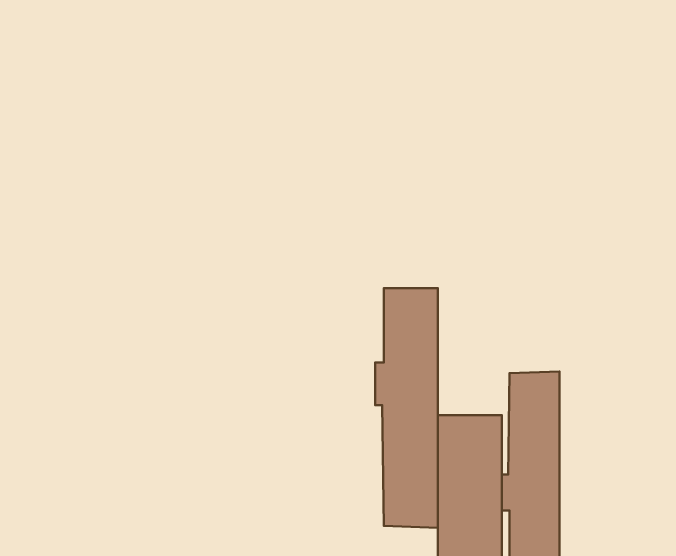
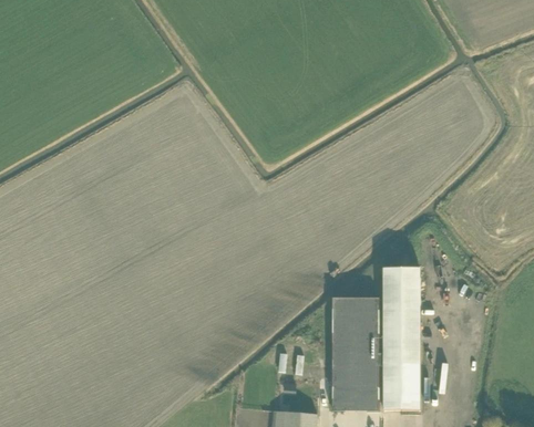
building: [375,288,438,528] -> none

